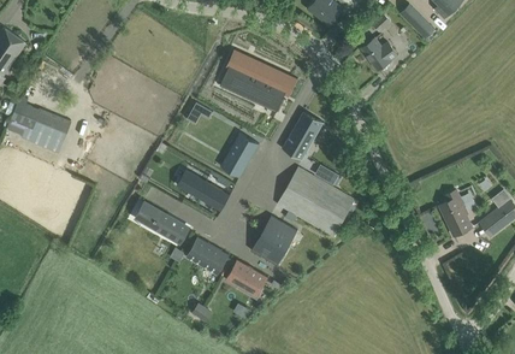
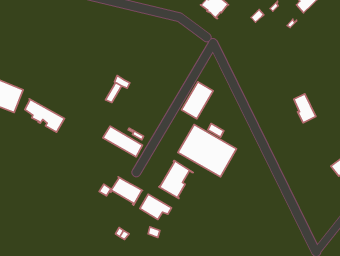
building: [361,39,396,70] -> none
building: [224,49,296,112] -> none
building: [219,132,259,178] -> none
building: [442,197,470,236] -> [294,94,316,123]
building: [137,201,190,246] -> [25,99,64,132]

